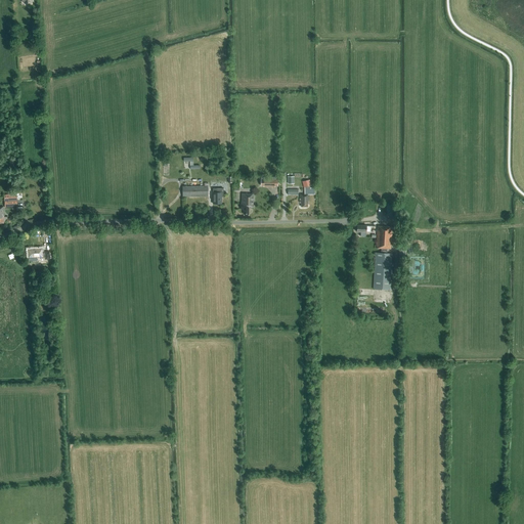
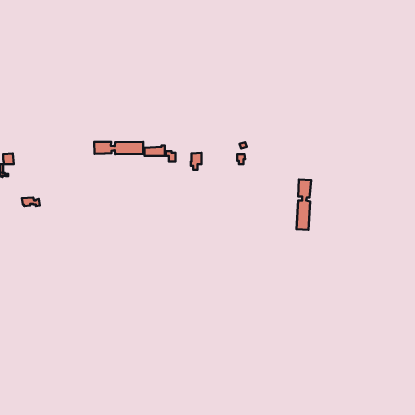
building: none -> [94,142,143,154]

